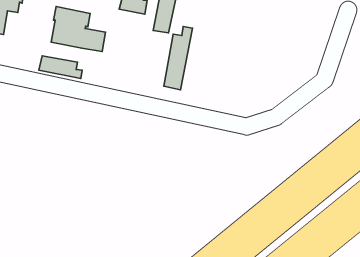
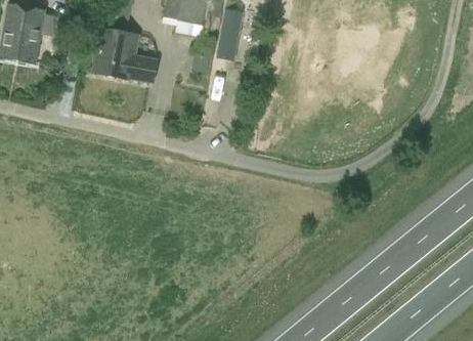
building: [164,27,192,90] -> none
building: [39,56,82,78] -> none

